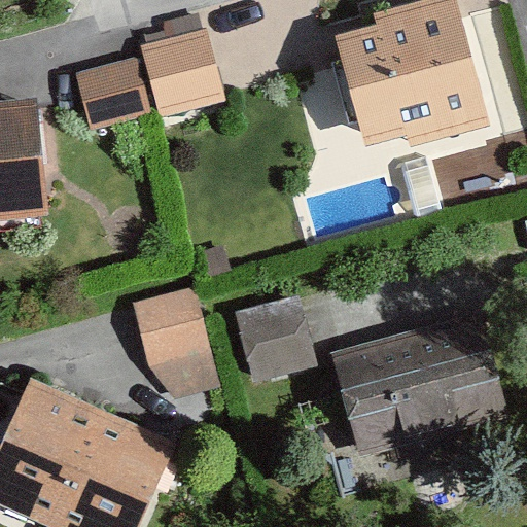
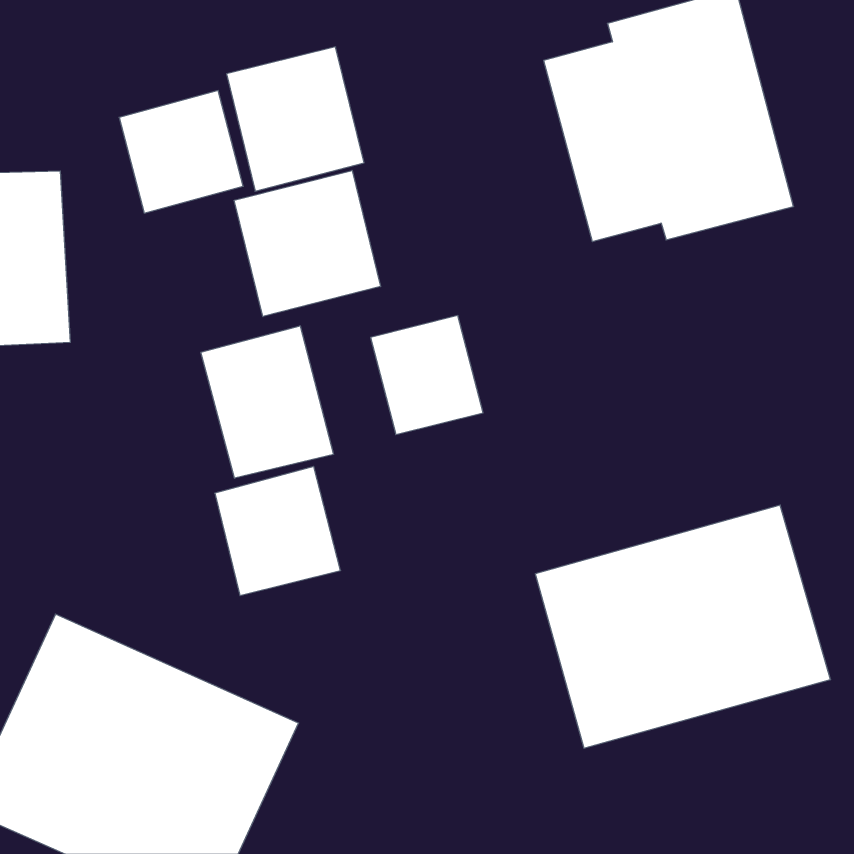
building: none -> [234,170,381,317]
building: none -> [201,326,333,478]
building: [245,304,314,377] -> [371,316,483,435]

